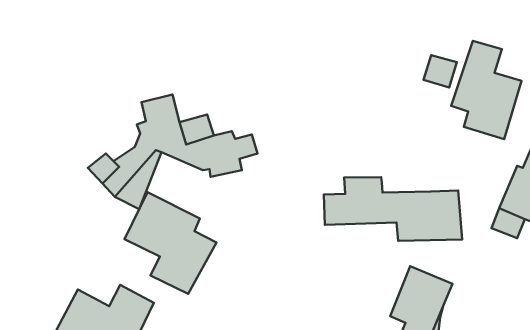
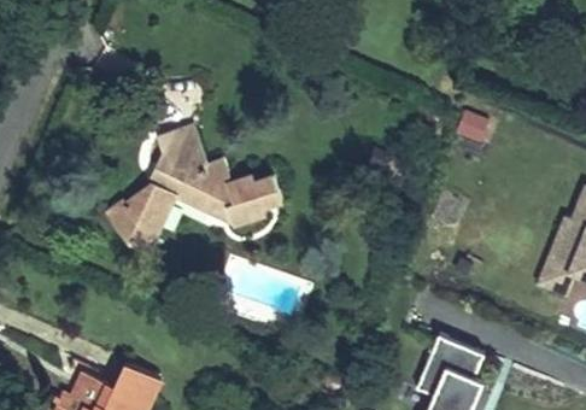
building: [451,41,522,139] -> none
building: [324,177,462,241] -> none
building: [124,192,217,294] -> none

